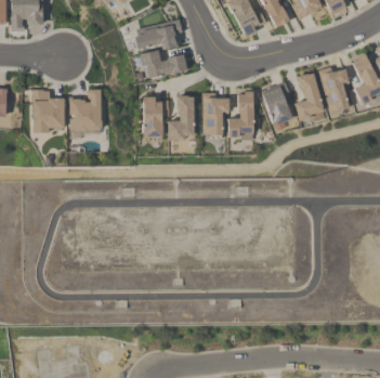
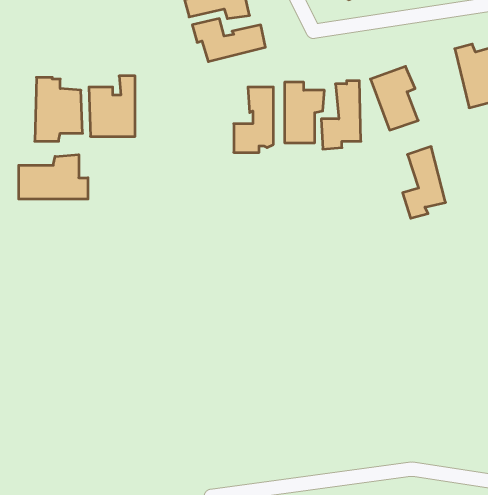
building: [294,73,324,121] -> [403,147,446,218]
building: [143,96,169,138] -> none
building: none -> [19,155,88,199]

